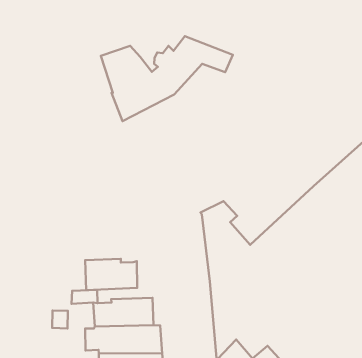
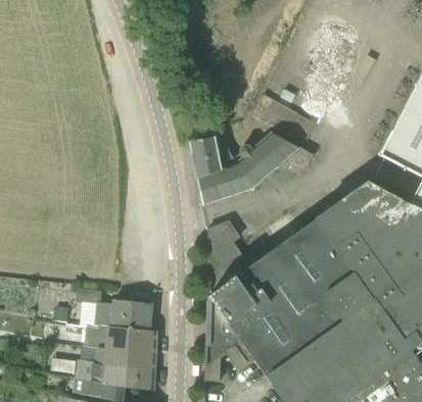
building: [101,36,233,121] -> [191,134,315,206]
building: [85,259,137,290] -> none

